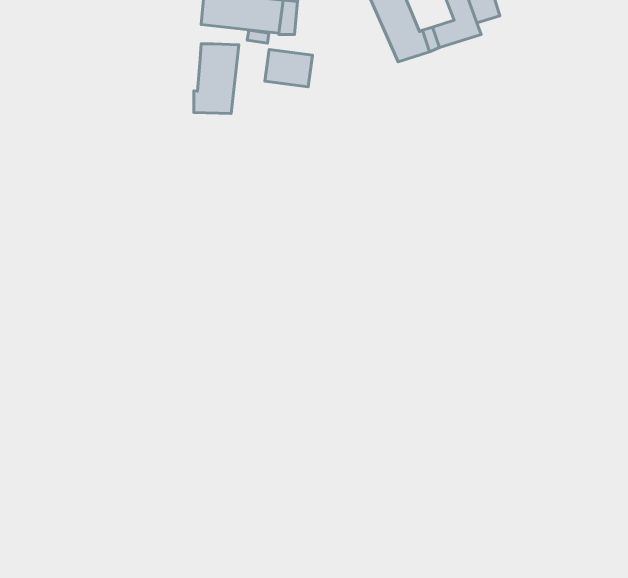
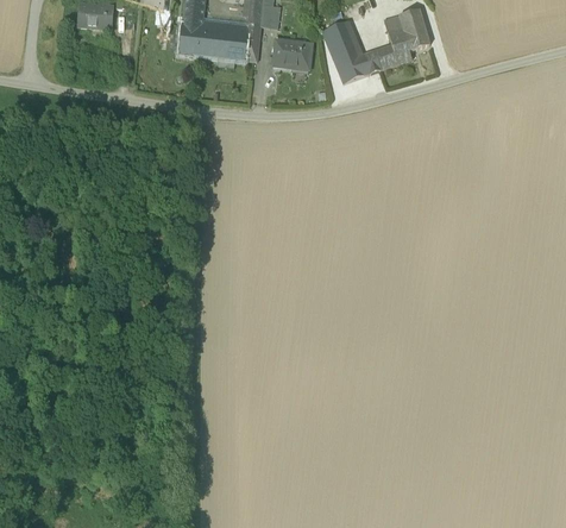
building: [194,44,239,113] -> none
building: [265,49,312,87] -> [272,36,312,67]

